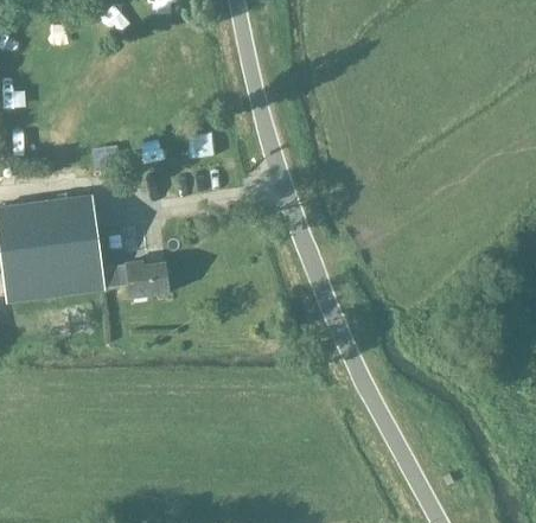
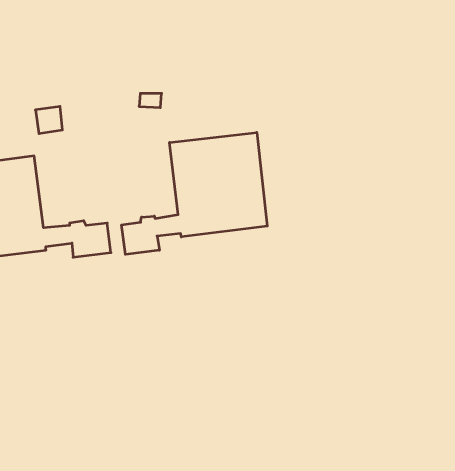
building: none -> [122,132,267,254]

